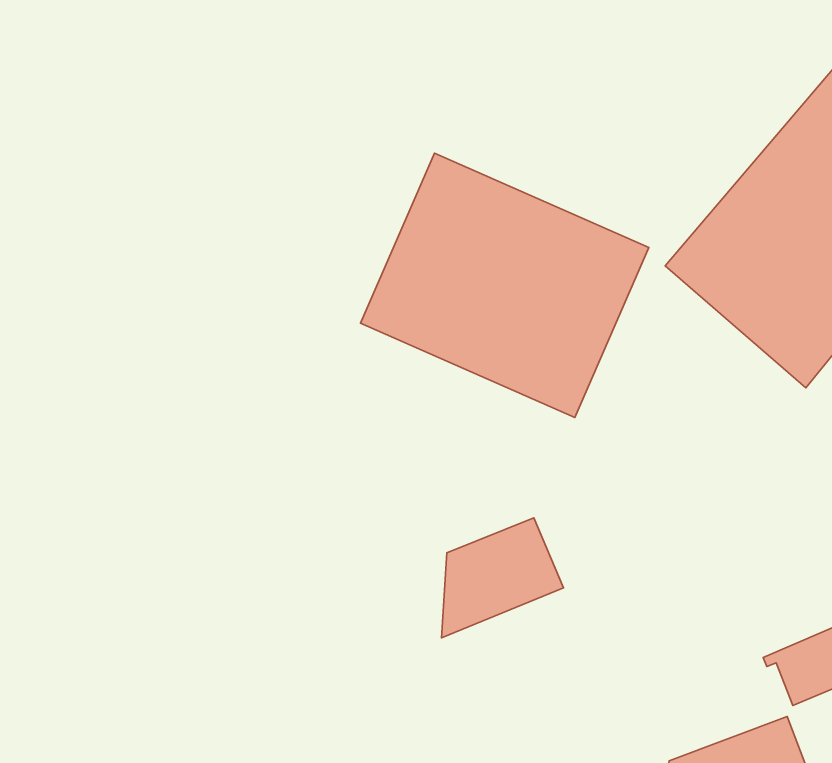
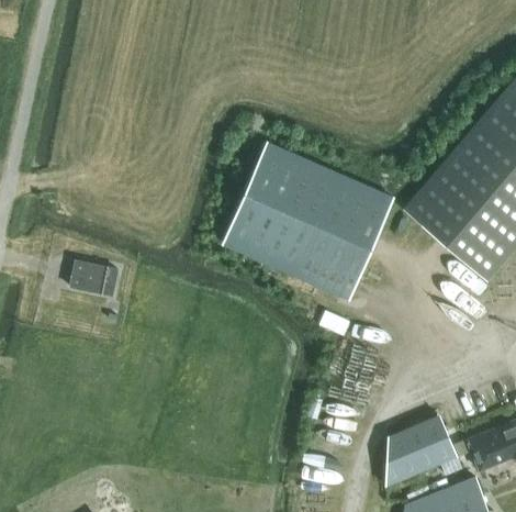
building: none -> [69,260,119,297]
building: [441,518,563,638] -> [384,415,457,487]

